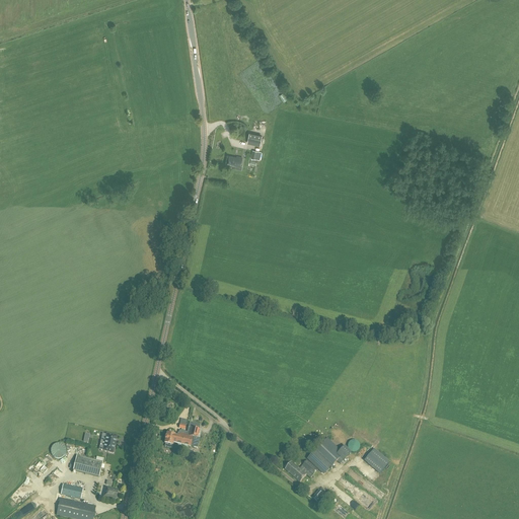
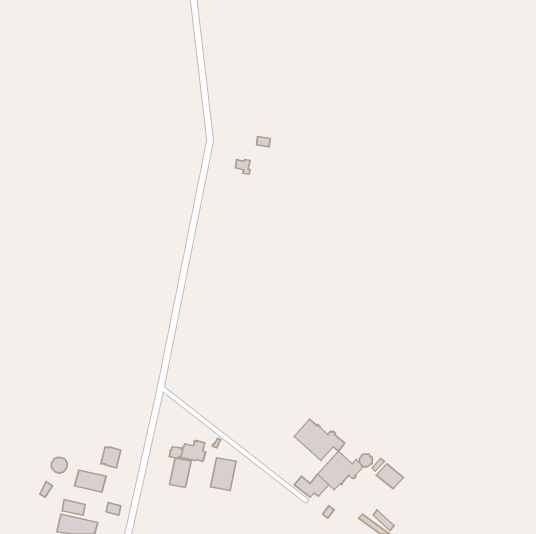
building: none -> [294,419,345,460]
building: none -> [210,458,236,490]
building: none -> [170,458,191,487]

